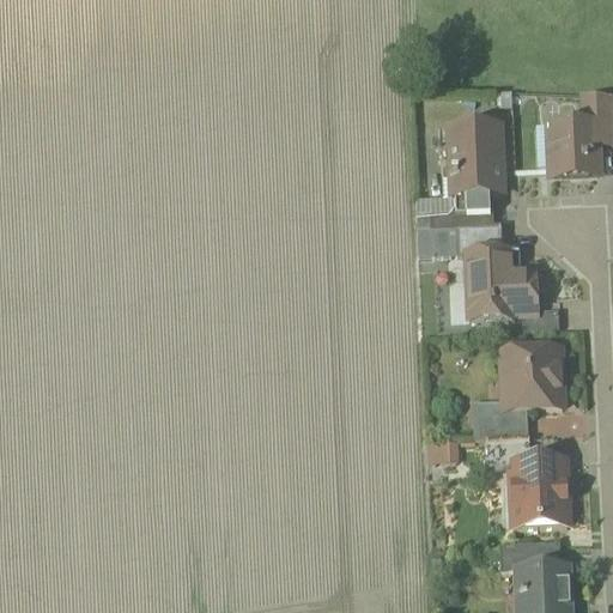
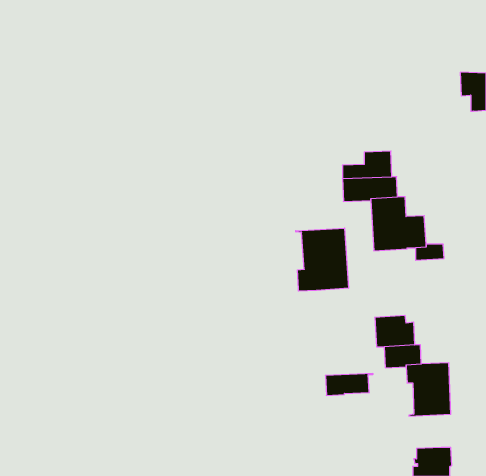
building: [551,120,597,172] -> none
building: [450,122,502,192] -> none
building: none -> [296,228,348,291]
building: [502,347,563,407] -> none
building: [500,540,560,568] -> [325,374,373,395]

